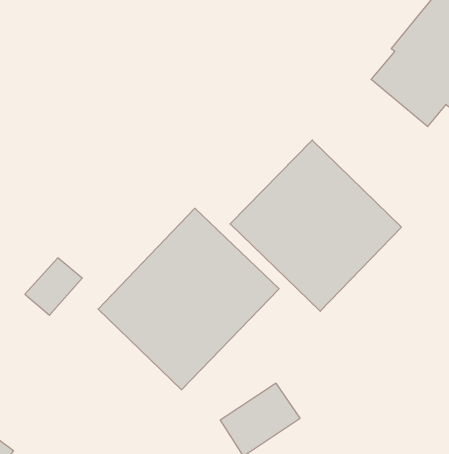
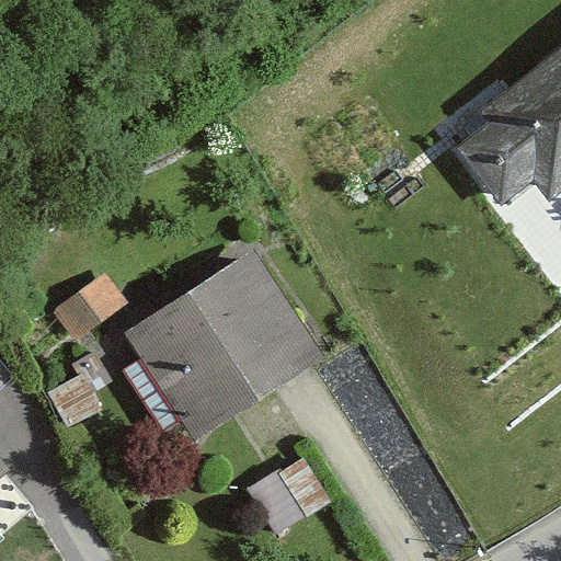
building: [230,140,401,311] -> none

